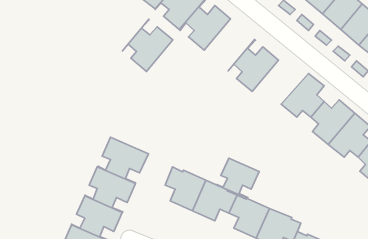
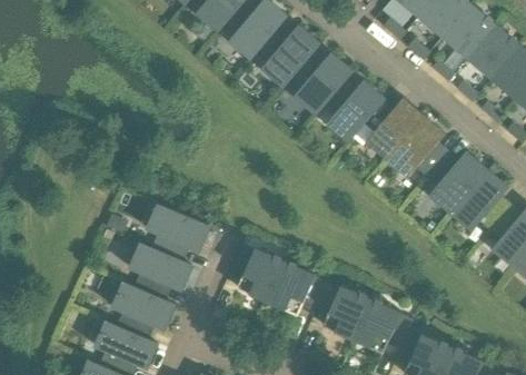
building: [122,19,173,71] -> [284,45,351,115]
building: none -> [348,100,424,159]
building: [217,158,259,198] -> none

